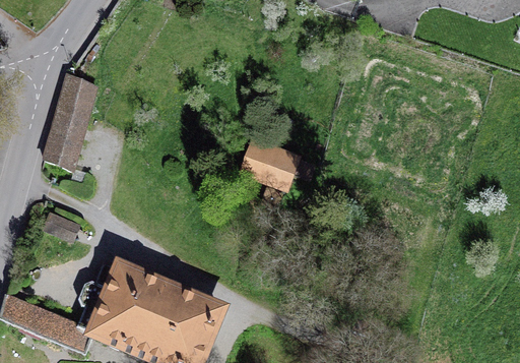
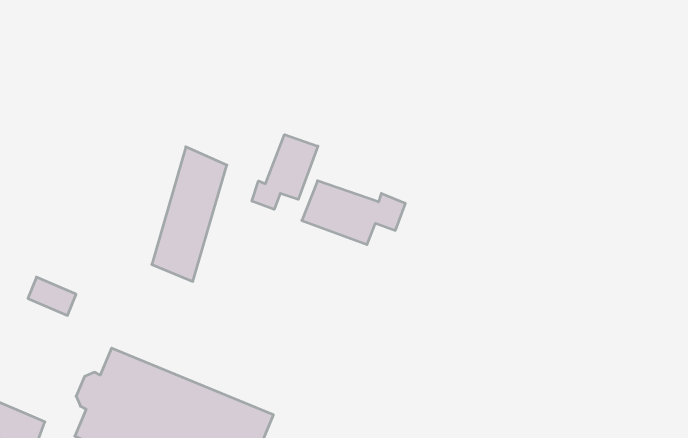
building: [44,74,98,171] -> [152,147,227,281]
building: none -> [252,135,318,209]

